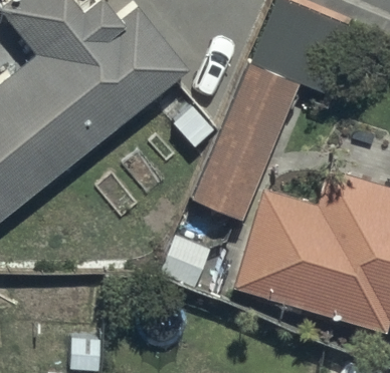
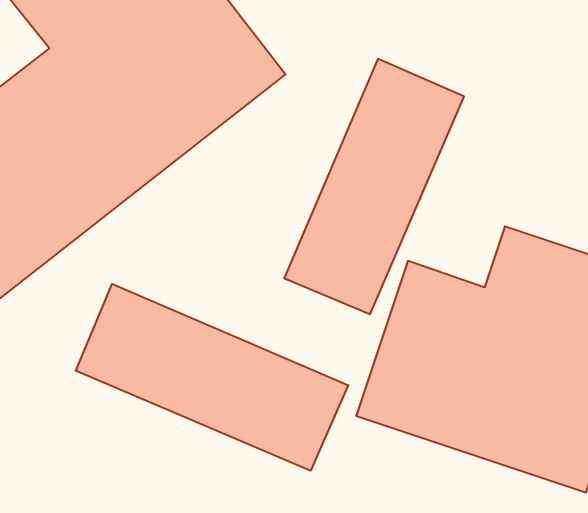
building: none -> [76,284,348,471]

